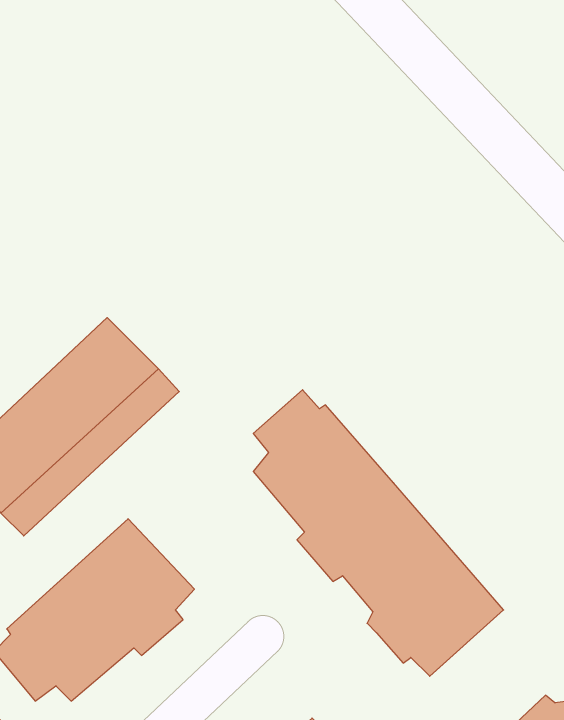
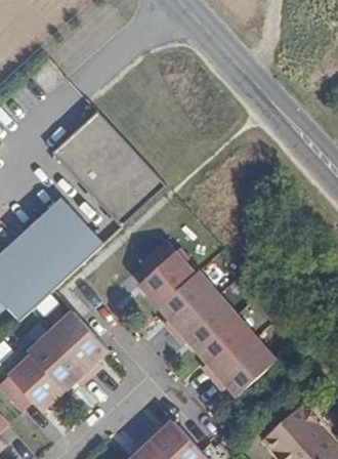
building: none -> [49,110,165,225]

